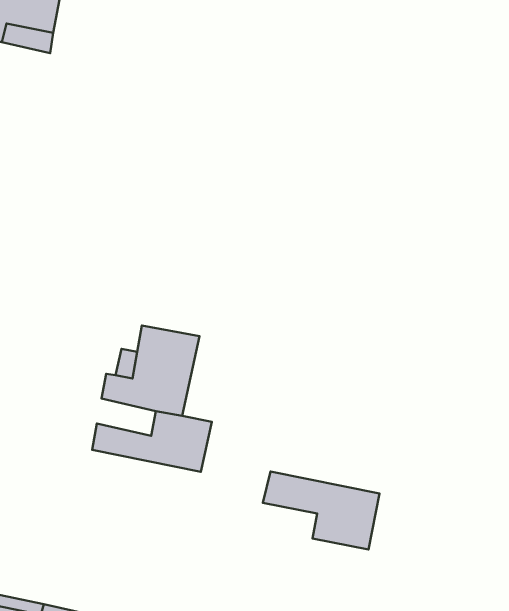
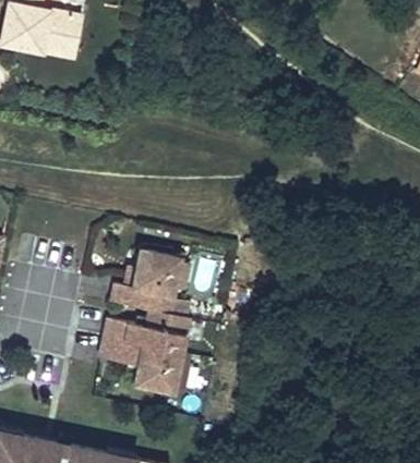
building: [263,472,380,549] -> [99,338,181,392]

